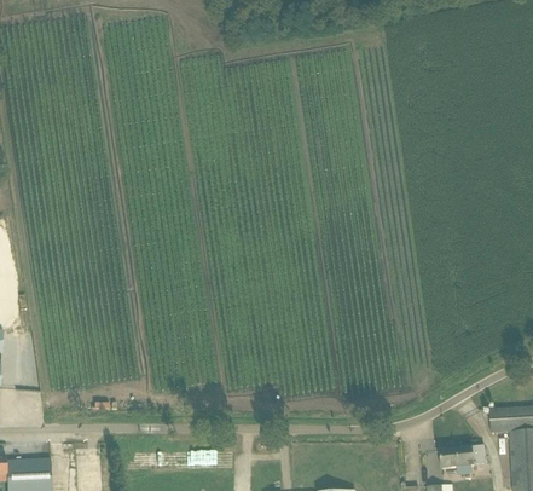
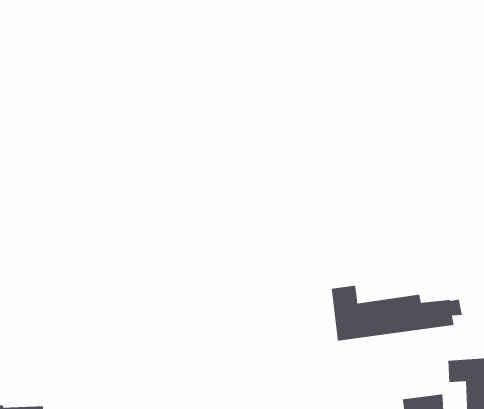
building: none -> [331,285,462,341]

